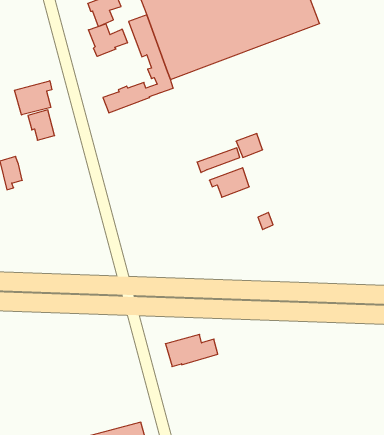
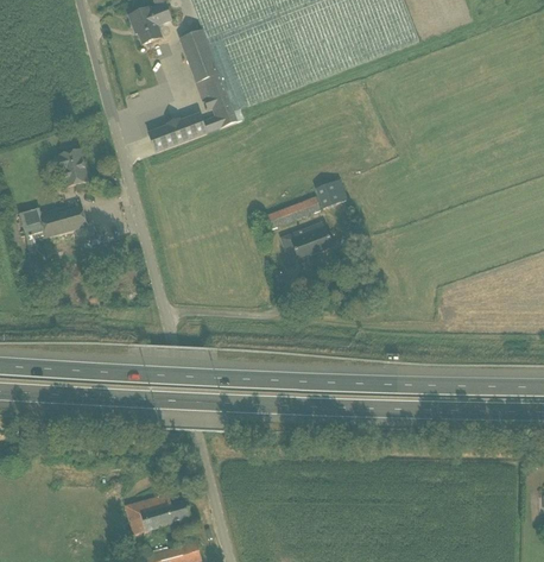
building: [88,24,127,56] -> none
building: [15,81,52,115] -> none
building: none -> [42,206,86,236]
building: [165,334,218,367] -> [125,493,190,533]

